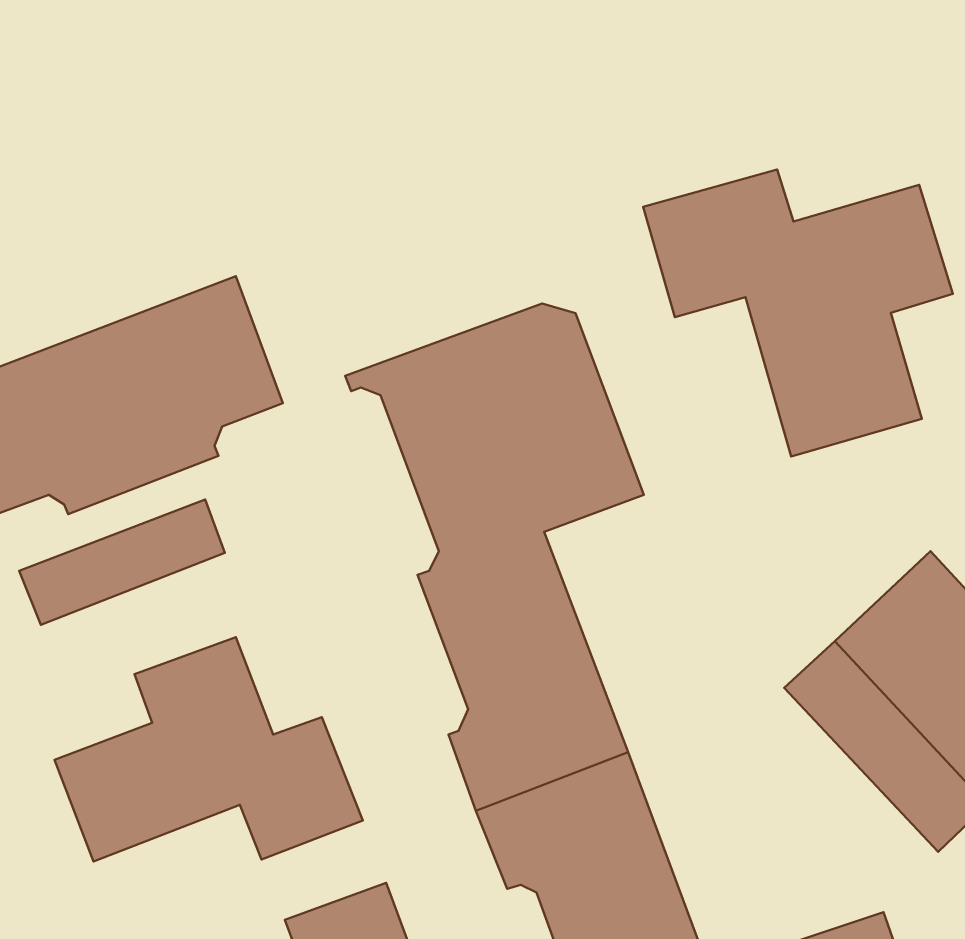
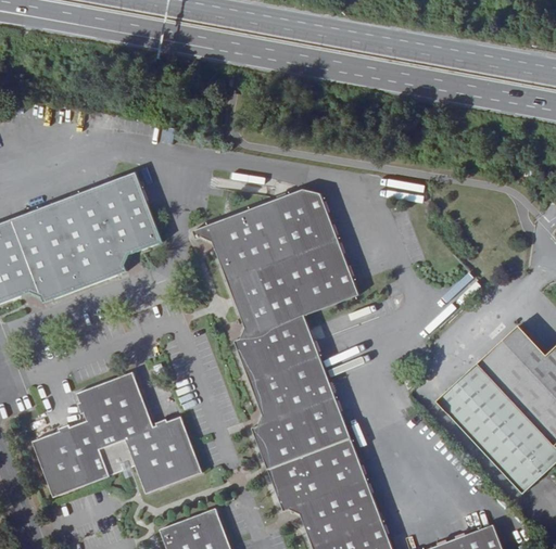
building: [643,169,953,456] -> none
building: [19,499,225,625] -> none

